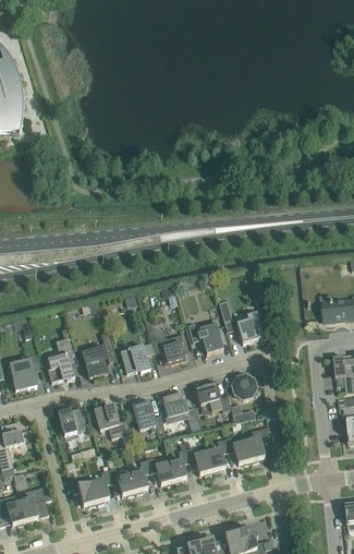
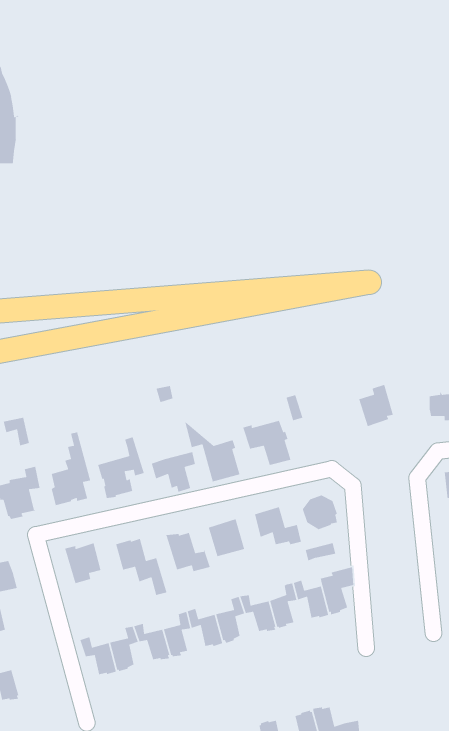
building: [236,311,263,342] -> [358,384,394,427]
building: [20,492,51,521] -> none

